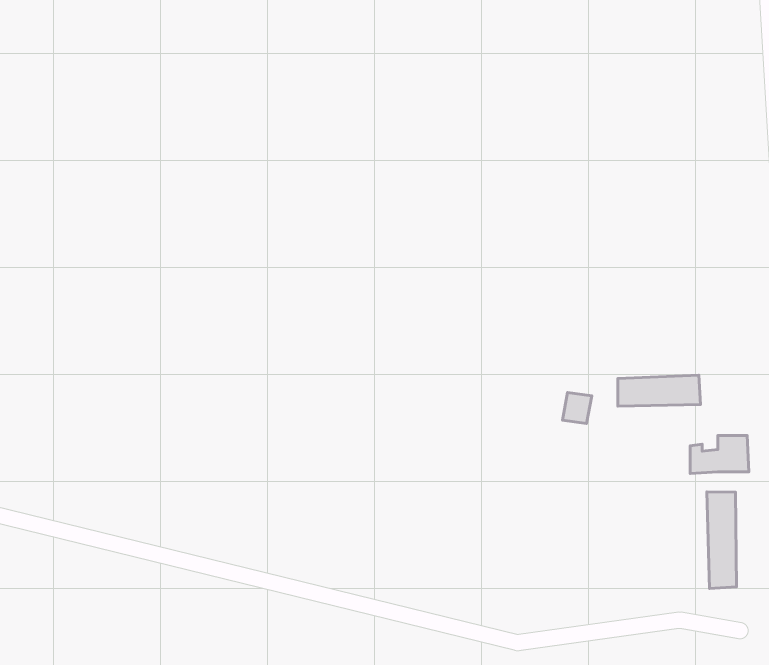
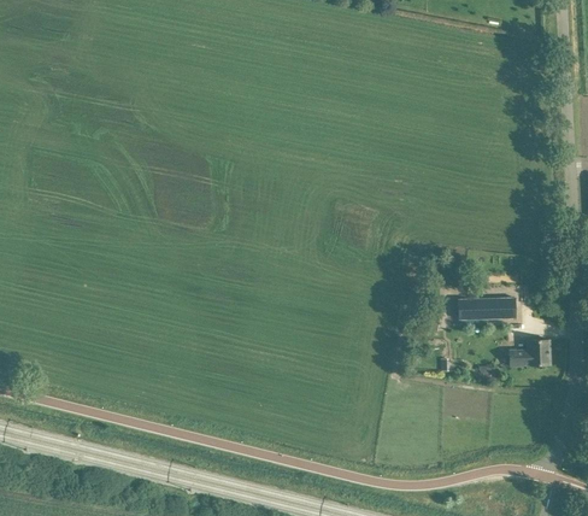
building: [707,492,737,588] -> none

